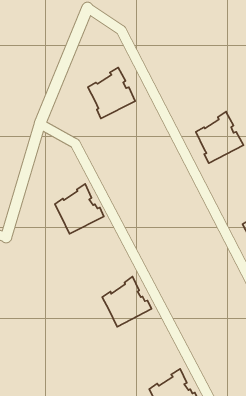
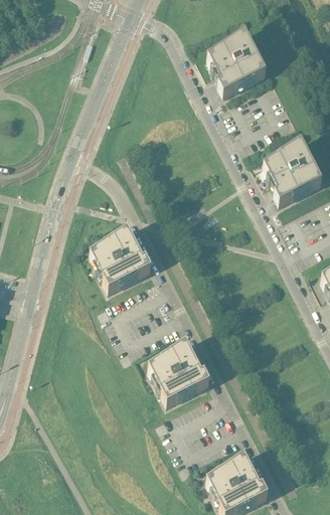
building: [88,68,135,119] -> [206,31,265,94]

